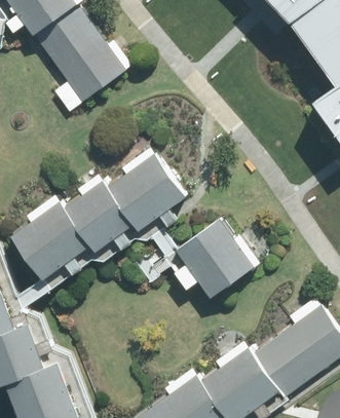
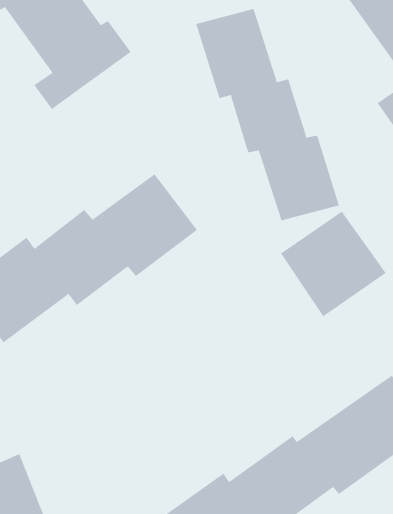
building: none -> [196,8,339,221]
building: [179,218,258,297] -> [280,211,386,317]

